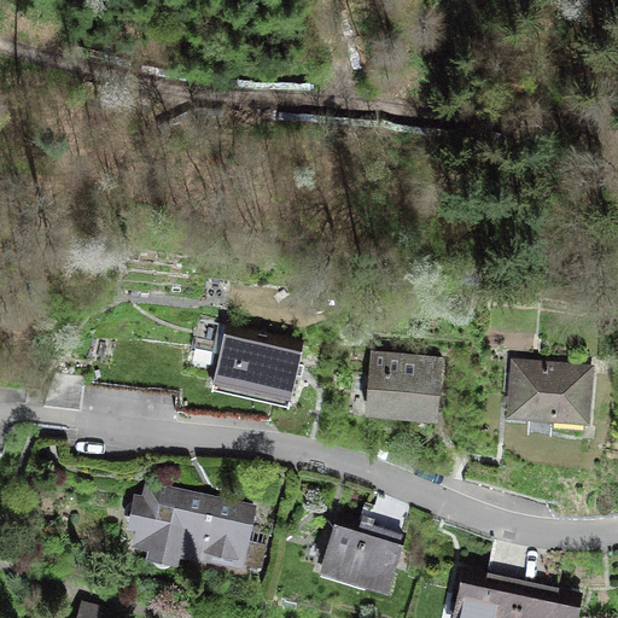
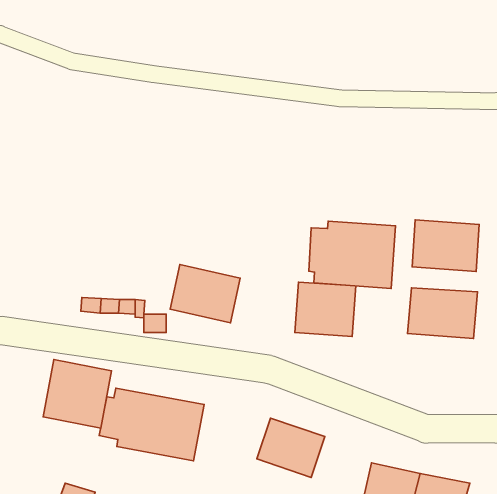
building: none -> [412,220,479,271]
building: none -> [309,221,396,288]
building: none -> [43,359,112,428]

